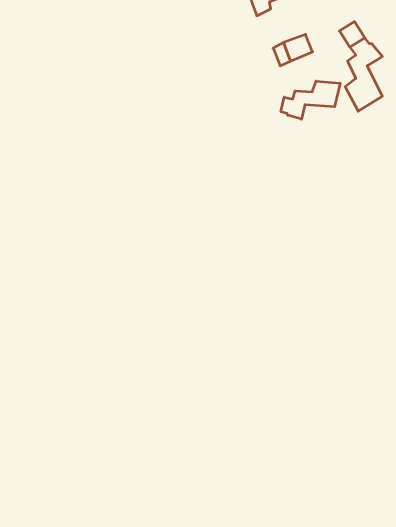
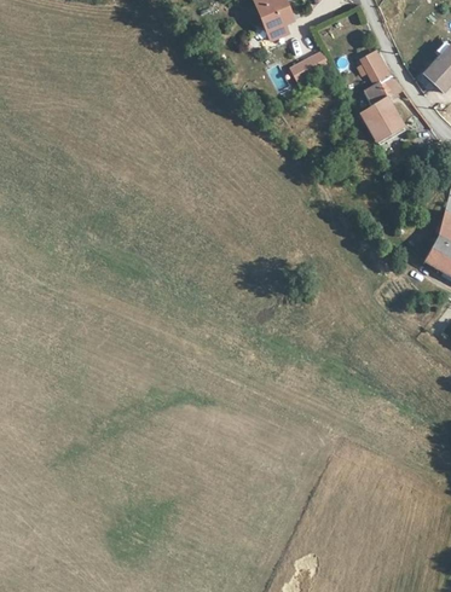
building: [281,81,340,119] -> none

